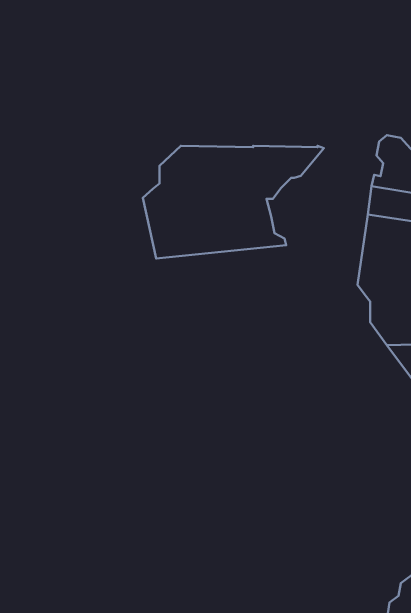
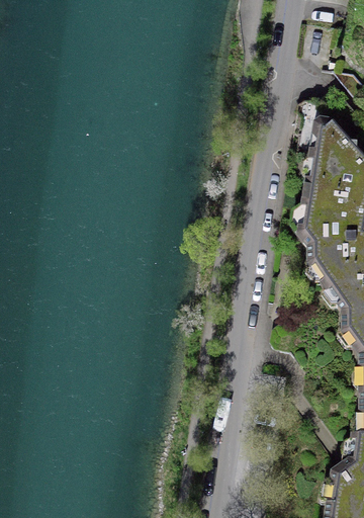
building: [143,146,324,258] -> none

